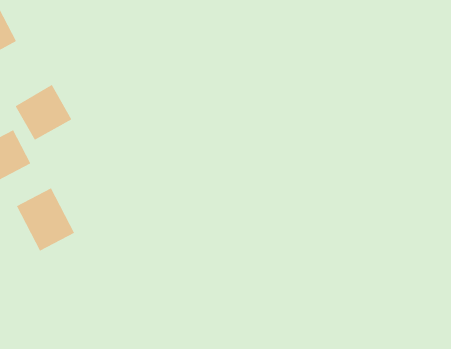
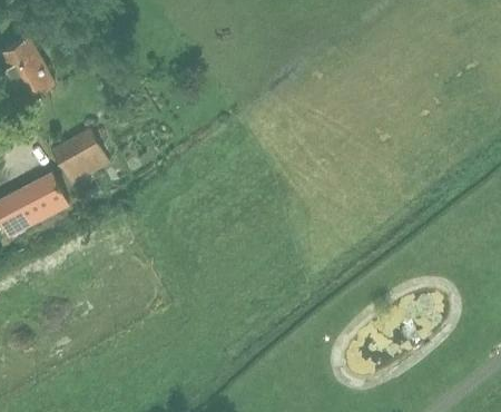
building: [16,188,75,251] -> none

